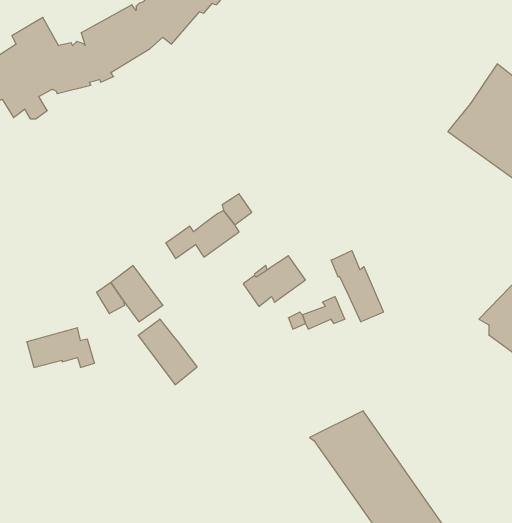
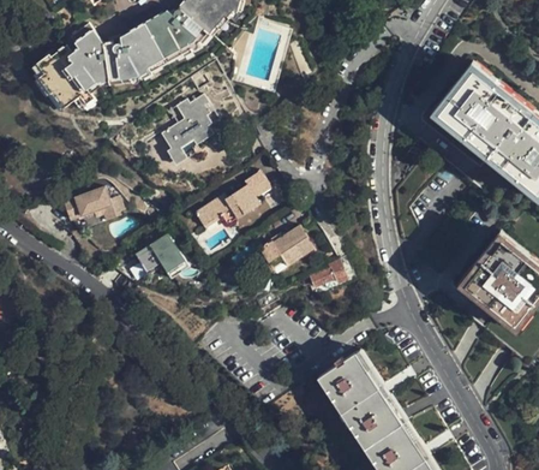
building: none -> [158,95,216,166]
building: [331,251,383,322] -> none
building: [138,319,197,385] -> none
building: [27,328,95,367] -> [59,189,116,222]

